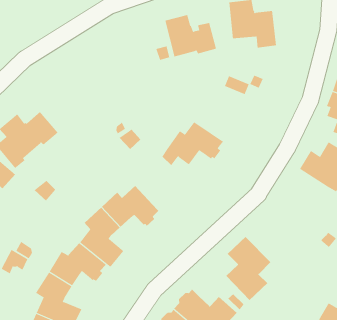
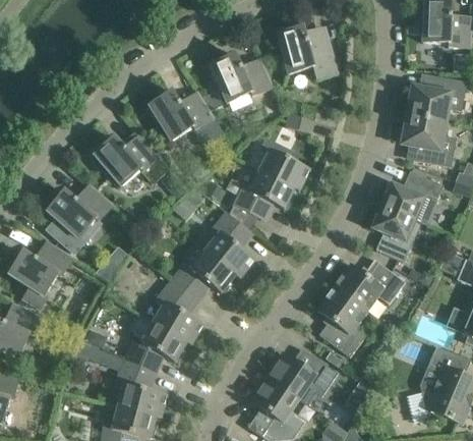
building: none -> [149,91,223,146]
building: none -> [94,134,168,185]
building: none -> [258,140,309,189]
building: none -> [204,211,254,277]
building: none -> [371,205,415,262]
building: none -> [334,259,405,312]

